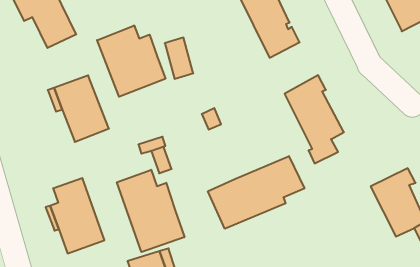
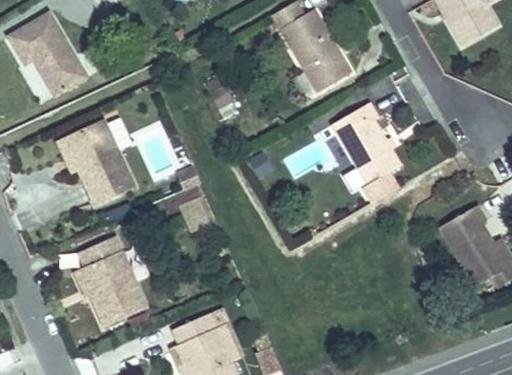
building: [97,25,165,97] -> none
building: [208,156,304,229] -> none
building: [117,170,184,252] -> none

